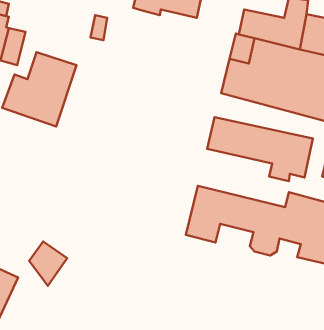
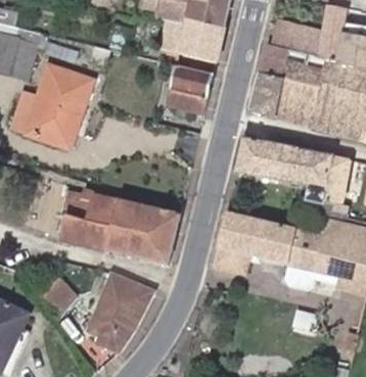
building: none -> [158,17,225,60]
building: none -> [167,65,213,113]
building: none -> [61,187,180,264]
building: none -> [86,271,157,350]

